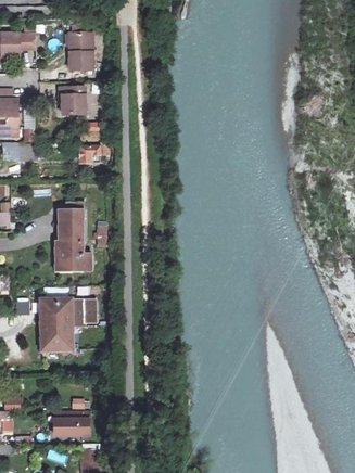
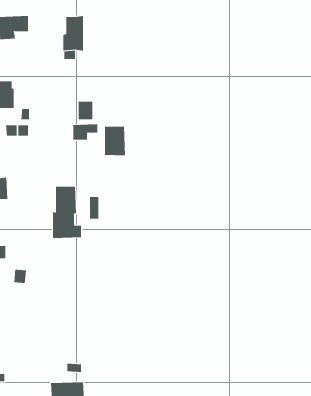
building: [59,87,85,114] -> none
building: none -> [104,126,126,156]
building: [40,298,93,348] -> none

